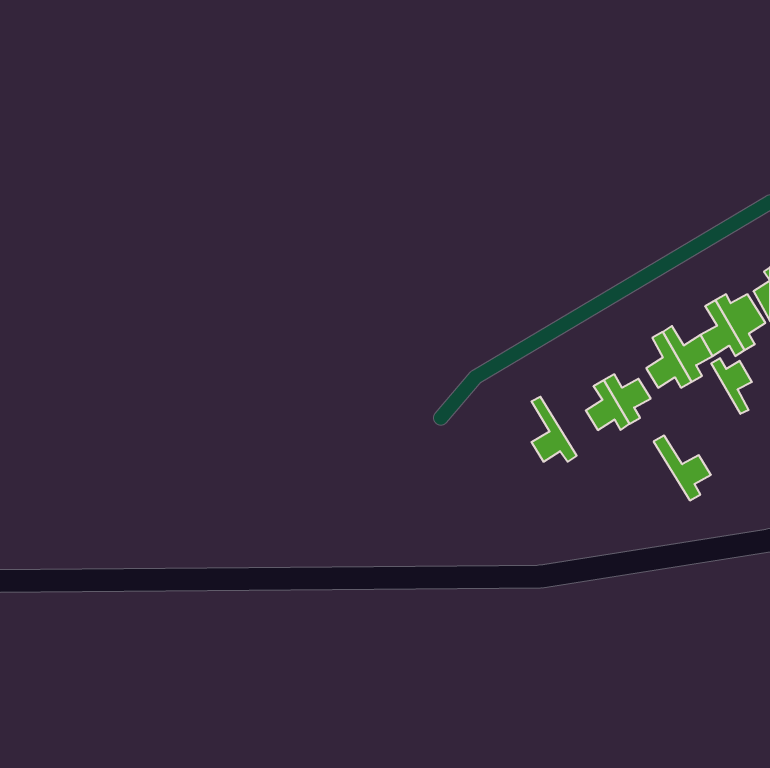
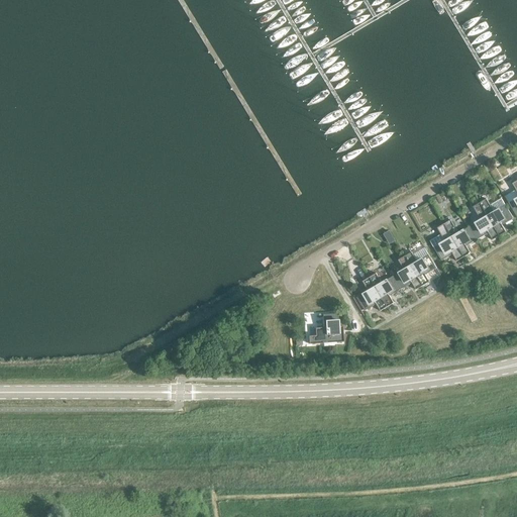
building: [711,358,752,414] -> none
building: [654,436,711,500] -> [361,262,400,305]
building: none -> [307,311,342,342]

